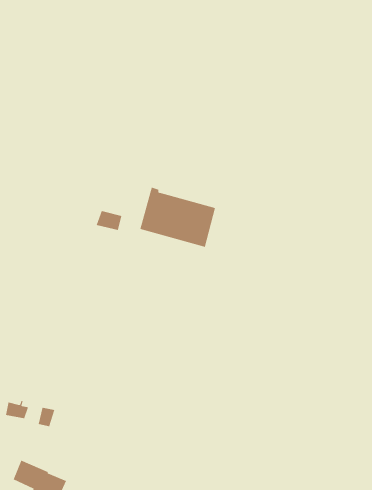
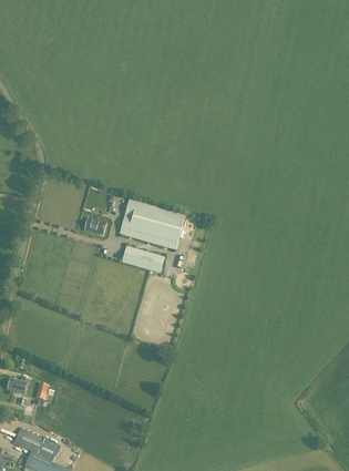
building: none -> [123,247,164,274]

